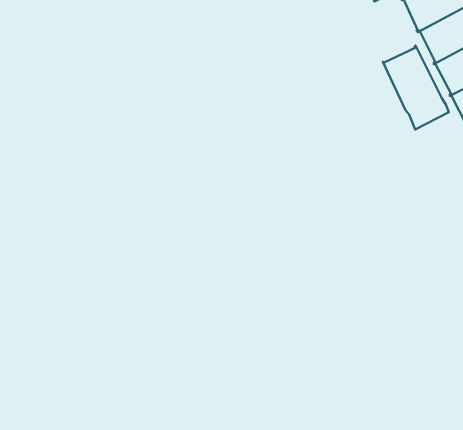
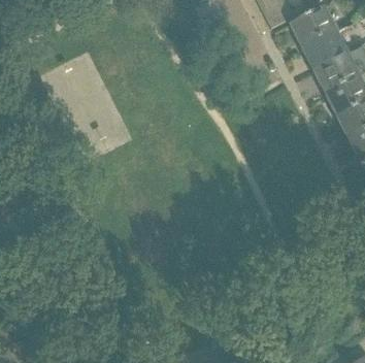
building: [383,46,449,130] -> none

